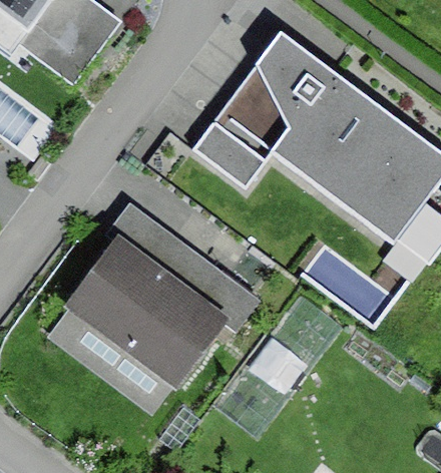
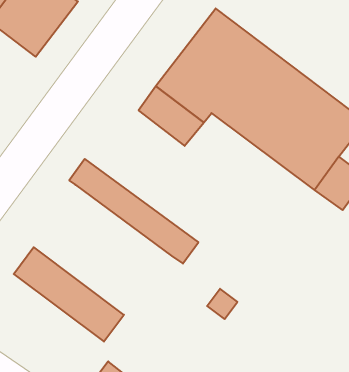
building: [65,234,230,387] -> none

